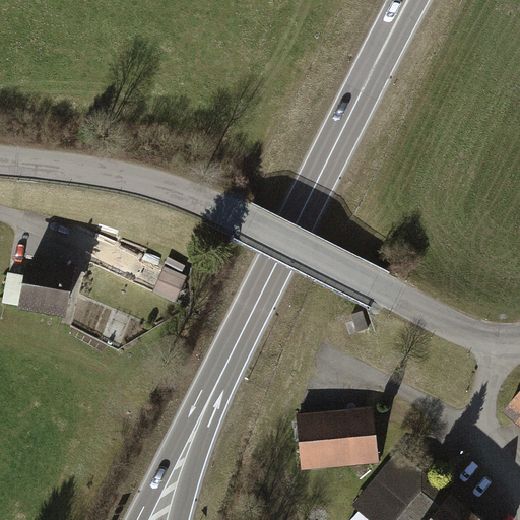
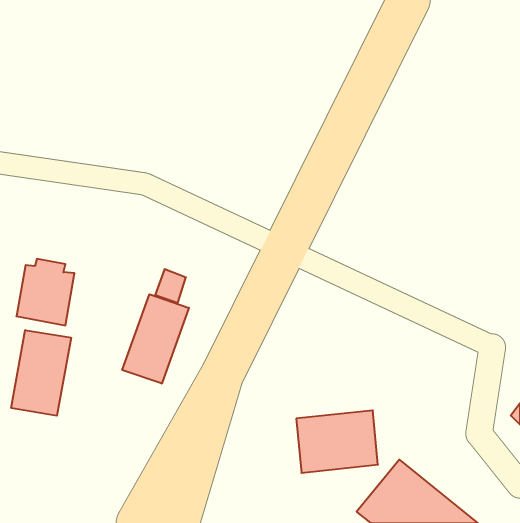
building: none -> [122,294,189,384]
building: none -> [11,330,71,416]

